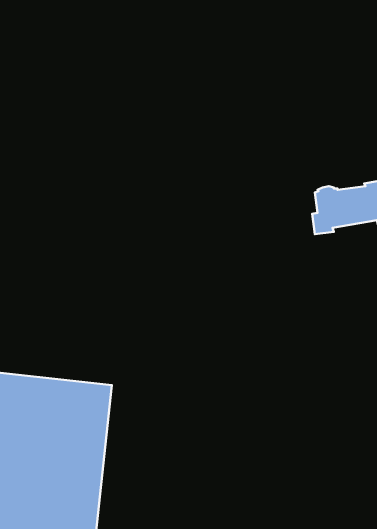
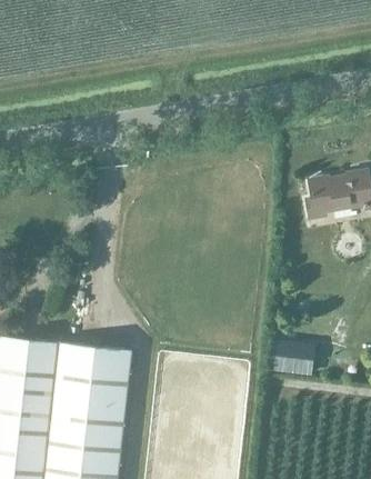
building: none -> [269,342,314,375]

